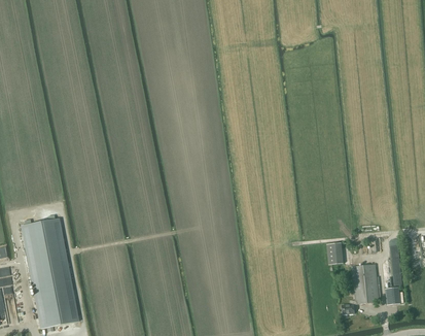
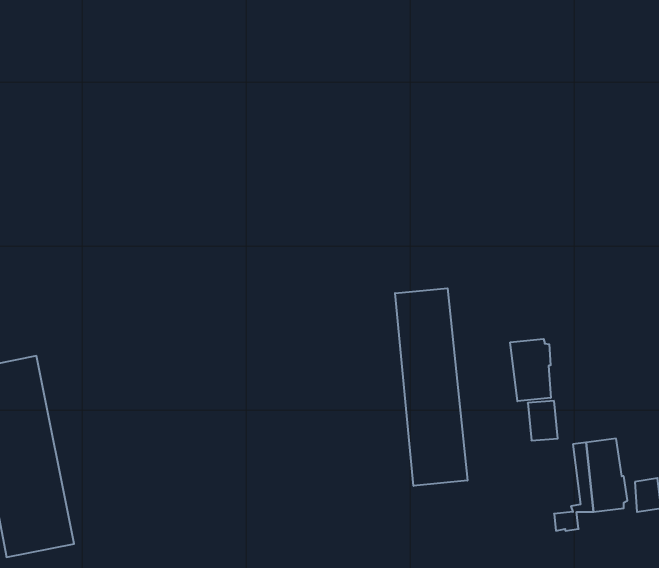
building: none -> [395,288,467,486]
building: none -> [510,339,551,401]

